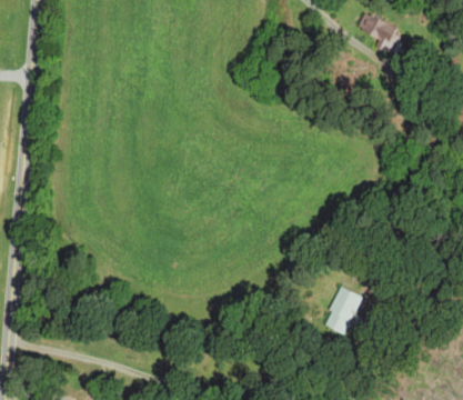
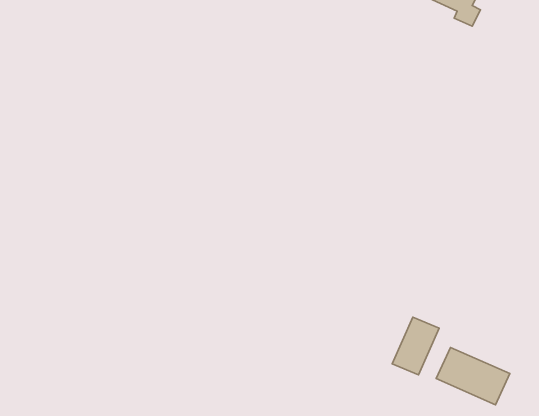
building: none -> [436,348,510,405]

